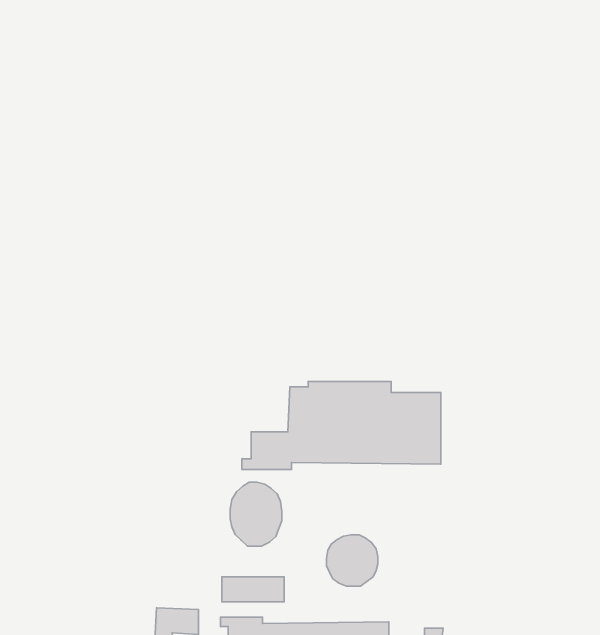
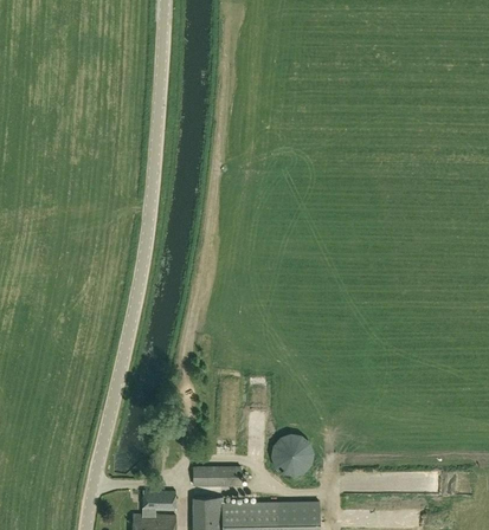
building: [242,382,441,470] -> none
building: [230,482,282,546] -> none

